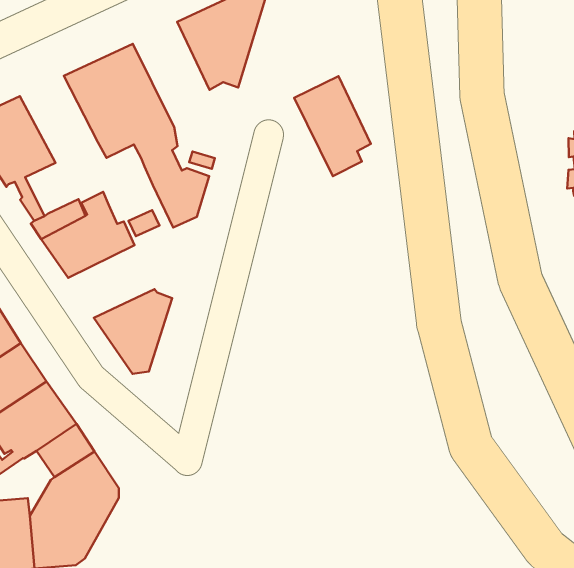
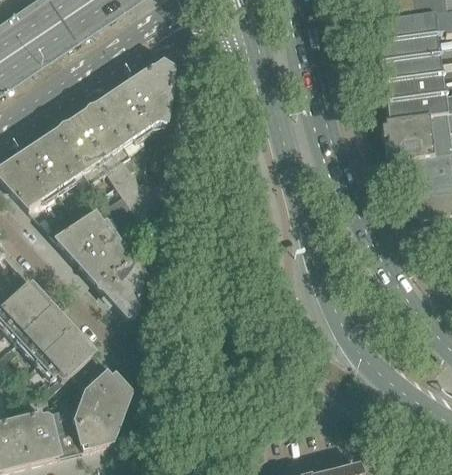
building: none -> [29,131,90,187]
building: [294,76,371,176] -> [96,86,149,150]
building: none -> [77,232,133,282]

